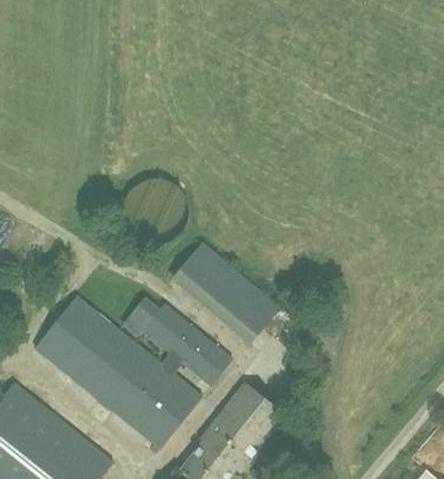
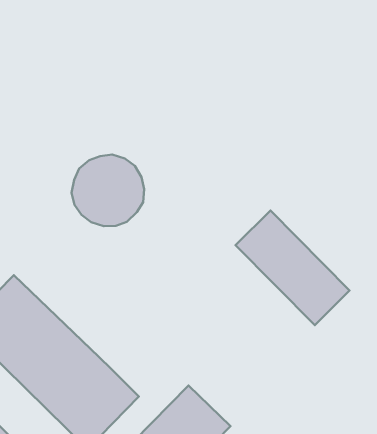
building: [174,242,281,342] -> [236,210,350,325]
building: [131,297,232,385] -> none

